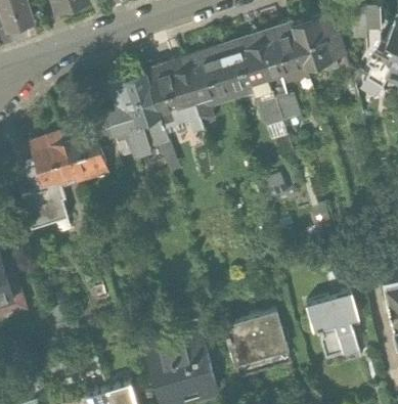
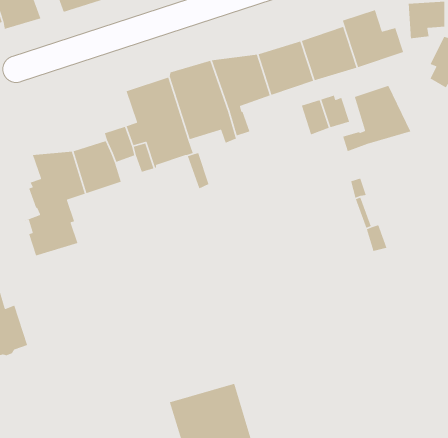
building: none -> [342,85,412,152]
building: [307,290,358,355] -> none
building: [224,310,290,369] -> none

